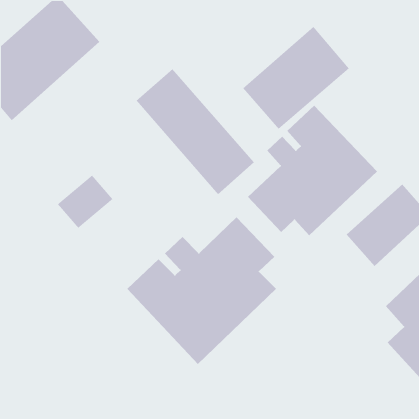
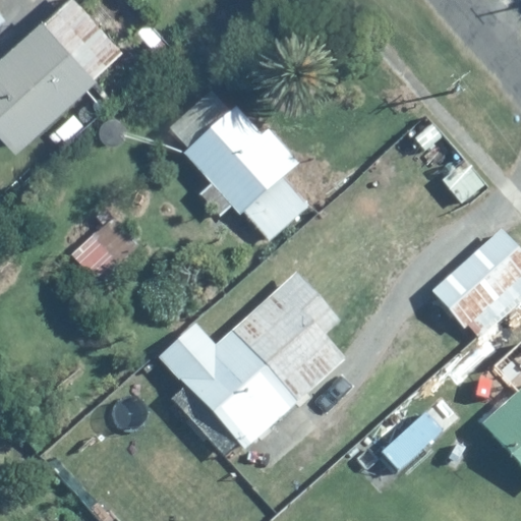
building: [242,26,350,130] -> none
building: [247,105,378,236] -> none

